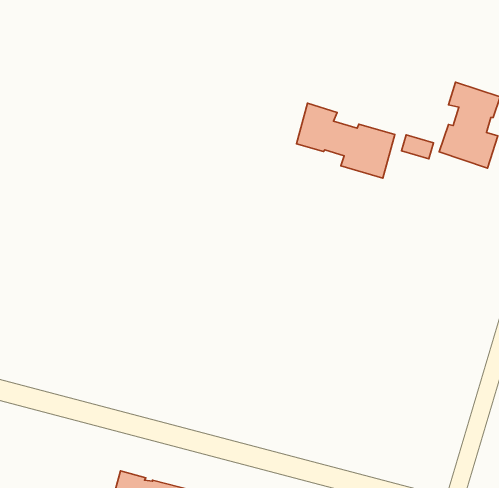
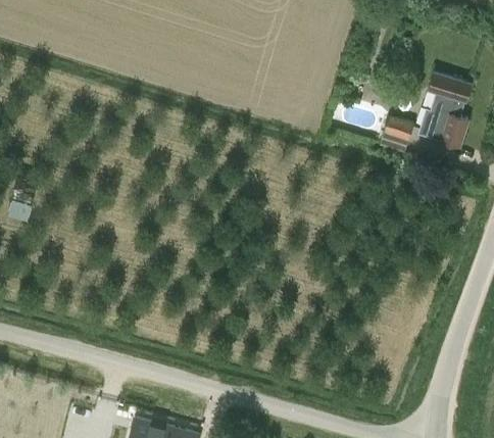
building: [296,103,395,178] -> none

